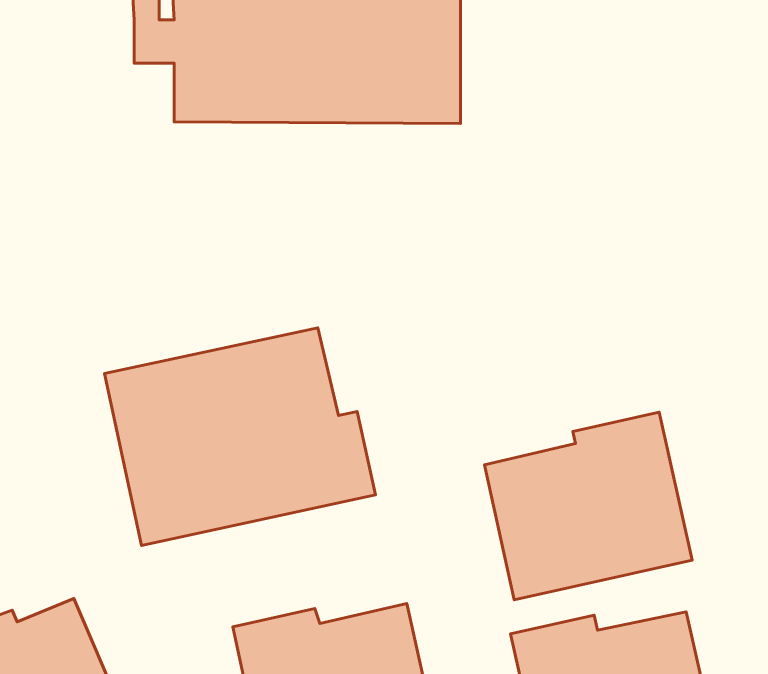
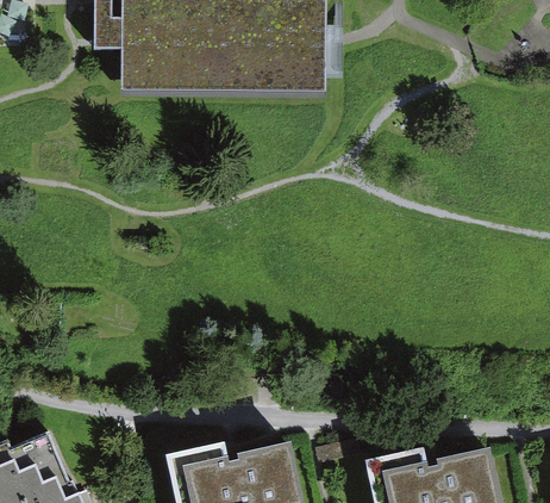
building: [104,328,376,546] -> none
building: [485,412,692,600] -> none

